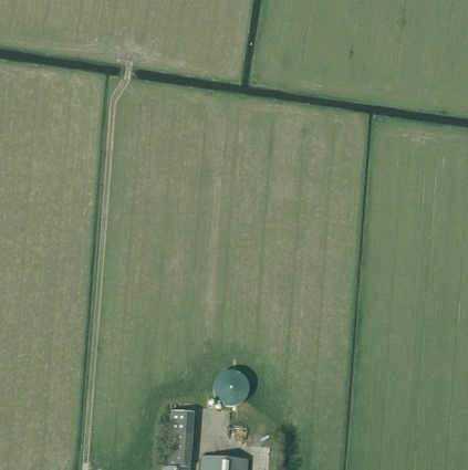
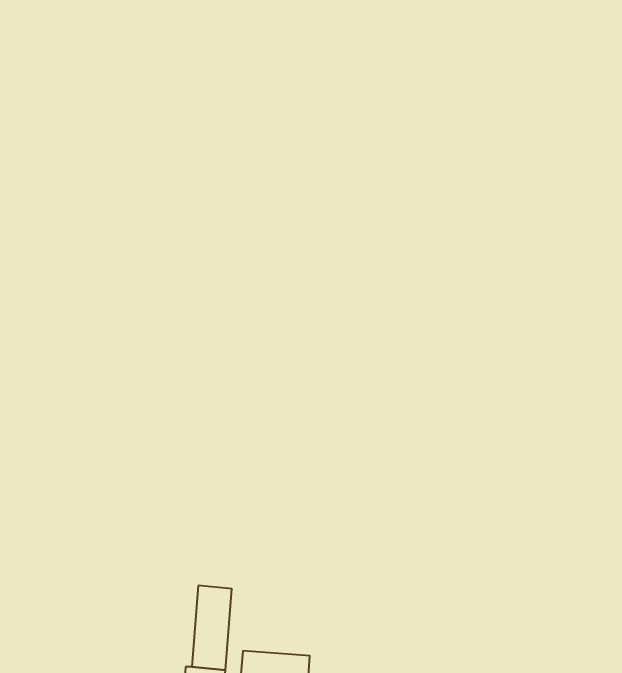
building: [216,370,247,407] -> none

